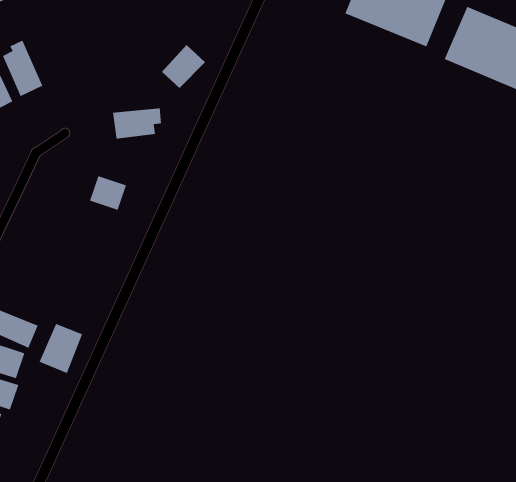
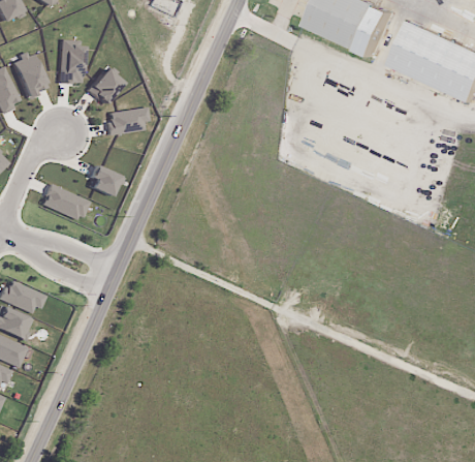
building: none -> [58,39,82,83]
building: [161,44,206,89] -> [86,65,124,103]
building: none -> [40,184,88,220]
building: [39,323,83,374] -> none

